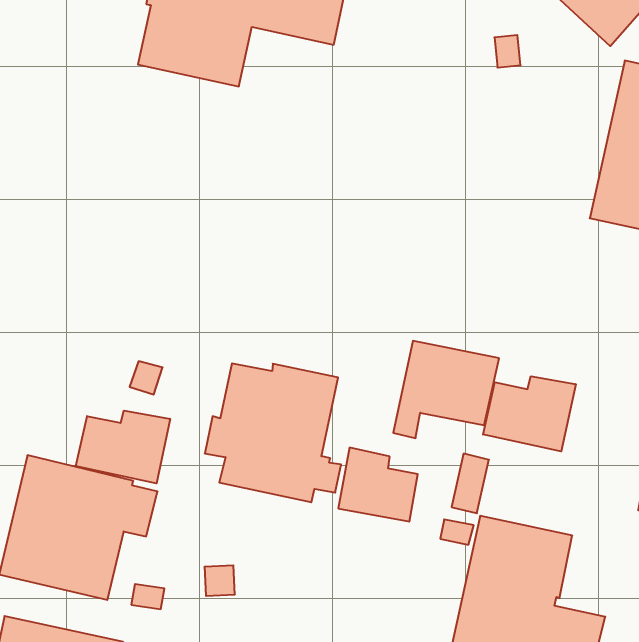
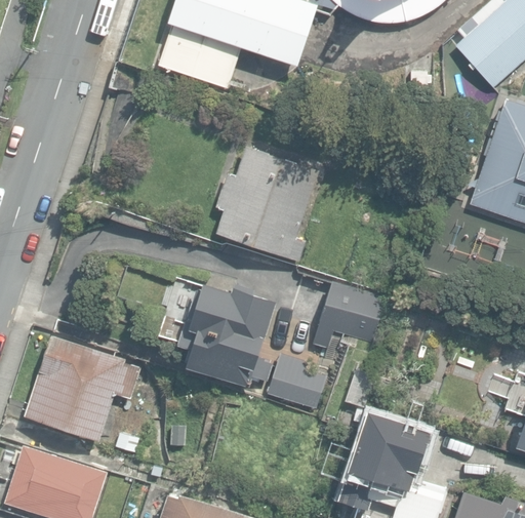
building: none -> [215,146,319,262]
building: [483,376,576,451] -> none
building: [76,411,170,483] -> none

